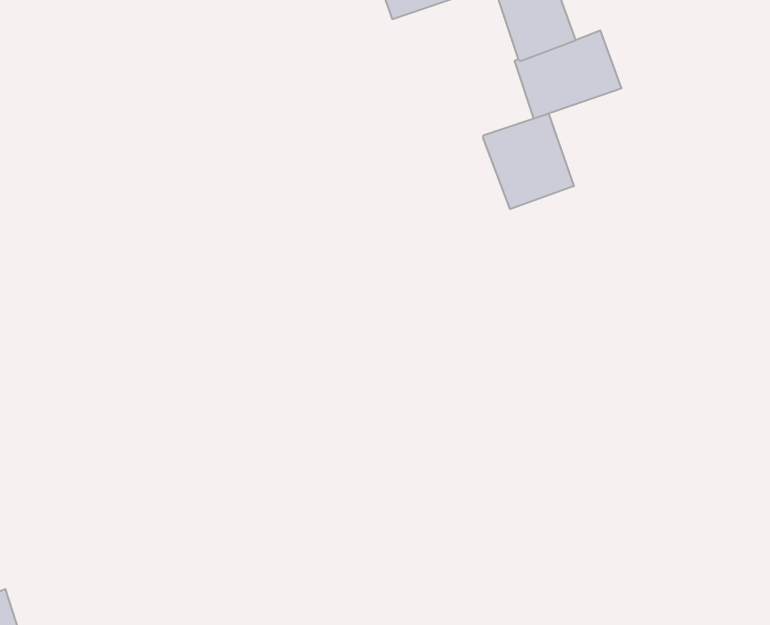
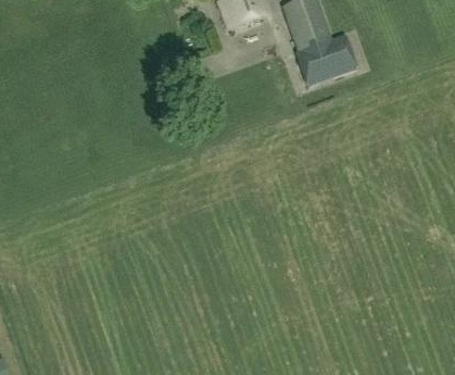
building: [483,114,574,209] -> none

